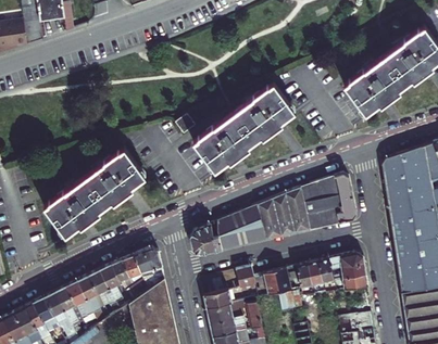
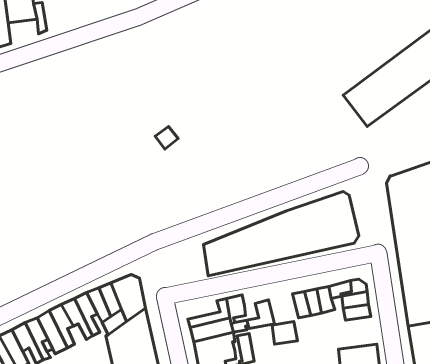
building: [191,84,293,173] -> none
building: [41,150,143,239] -> none
building: [190,221,221,255] -> none
building: [275,266,302,293] -> none

